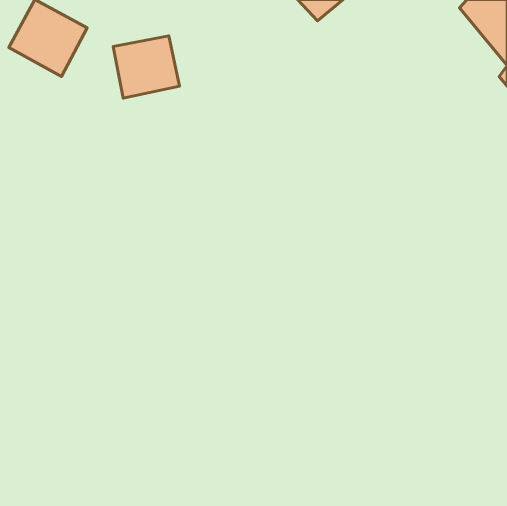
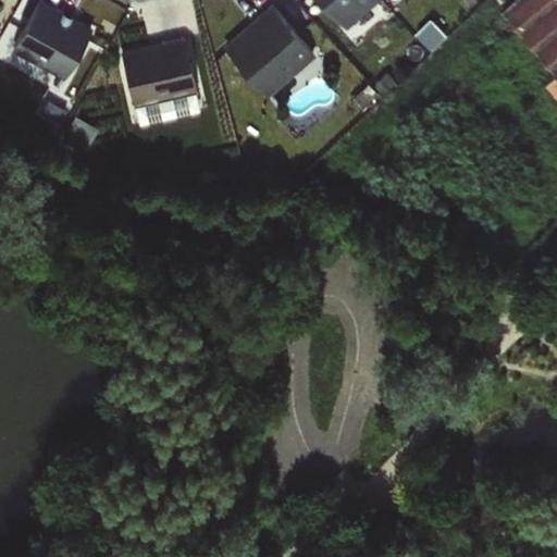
building: none -> [225,9,317,100]

